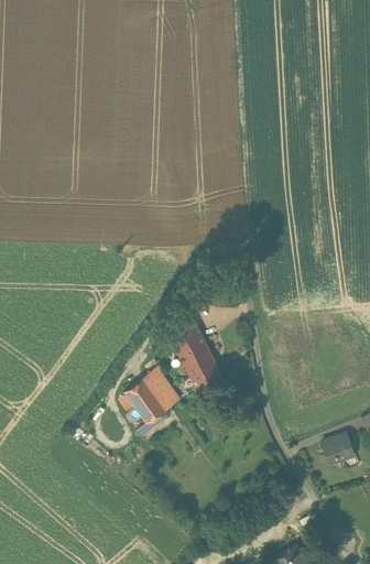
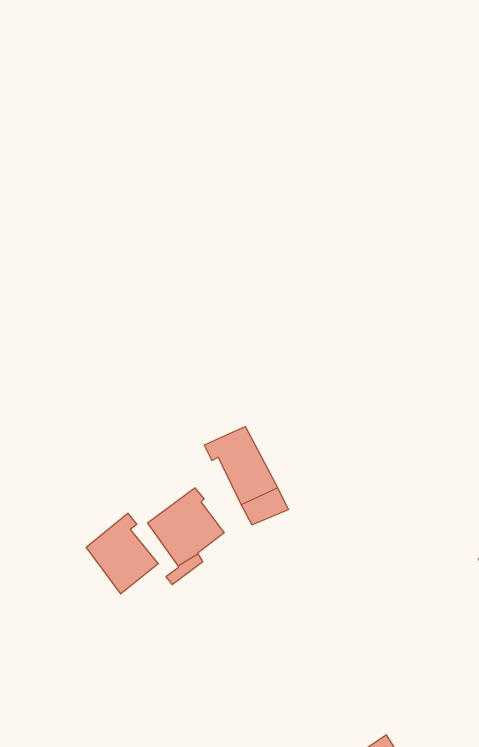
building: none -> [86,513,158,594]
building: [320,433,356,464] -> none

